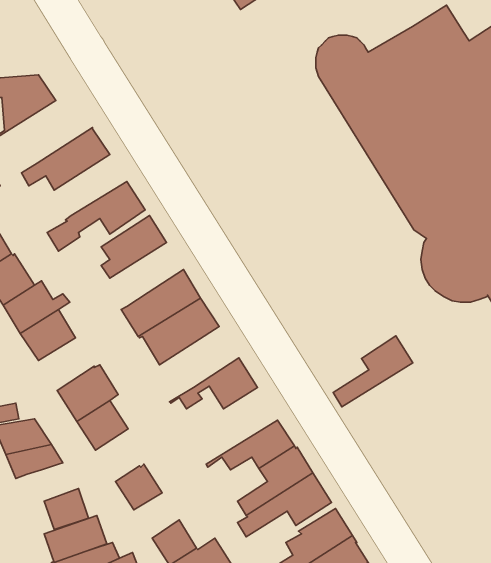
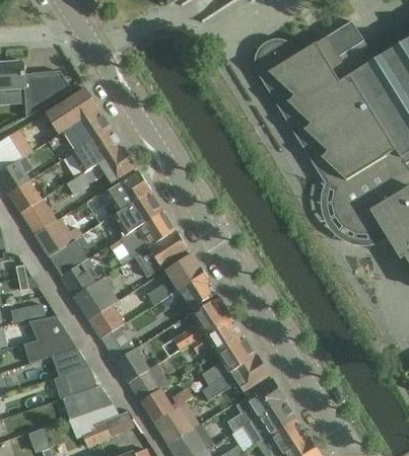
building: none -> [46,88,98,134]
building: none -> [71,128,123,171]
building: none -> [111,191,163,236]
building: none -> [148,253,203,304]
building: none -> [60,256,99,296]
building: [333,336,413,407] -> [174,298,230,349]
building: none -> [100,327,132,361]
building: none -> [52,348,89,377]
building: none -> [128,363,169,401]

